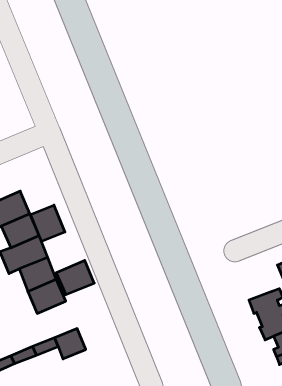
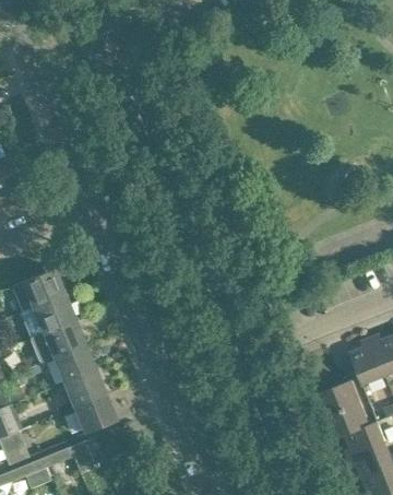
building: [31,205,65,241] -> none
building: [56,260,94,295] -> [74,394,118,434]

